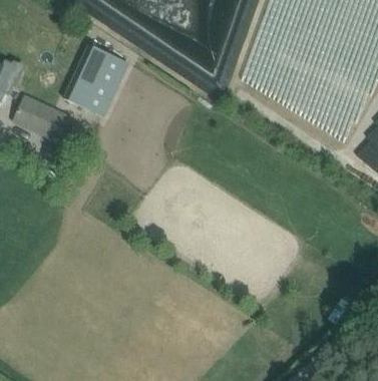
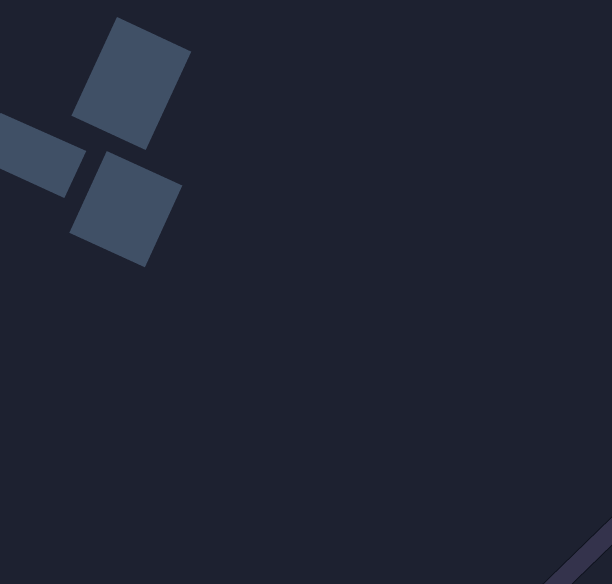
building: none -> [69,150,183,268]

